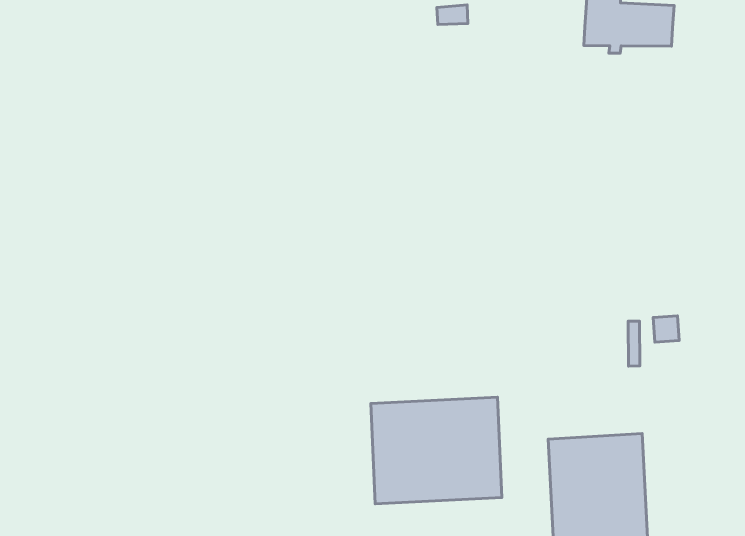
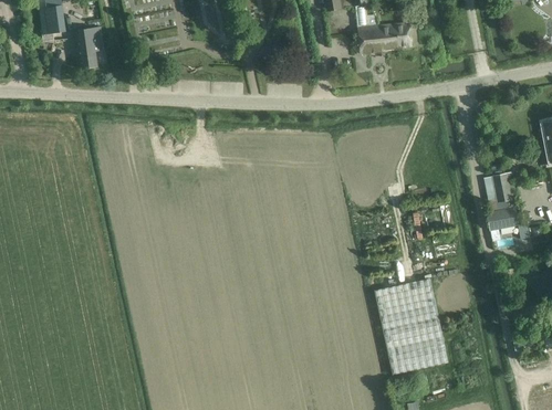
building: [371,397,502,504] -> none

